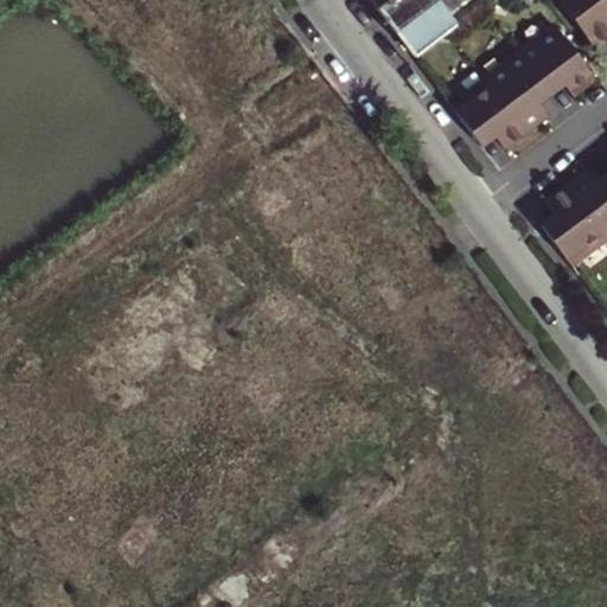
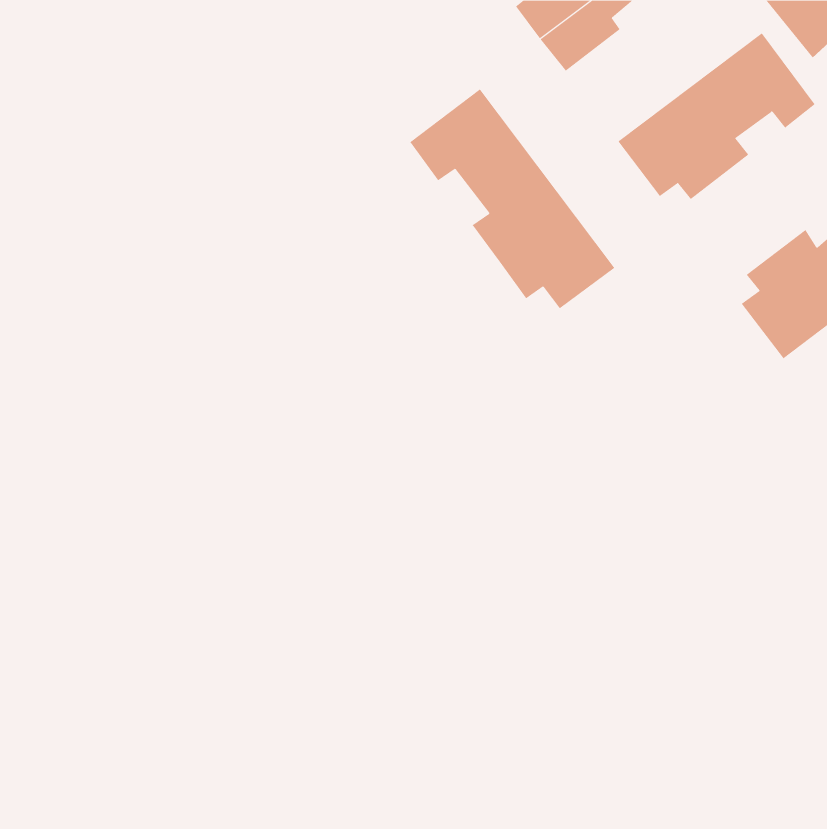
building: none -> [410,88,615,309]

